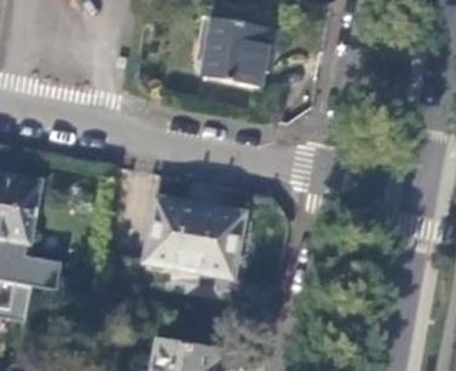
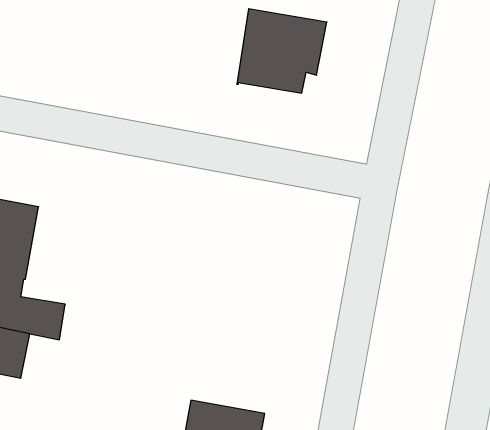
building: [142,198,241,276] -> none

